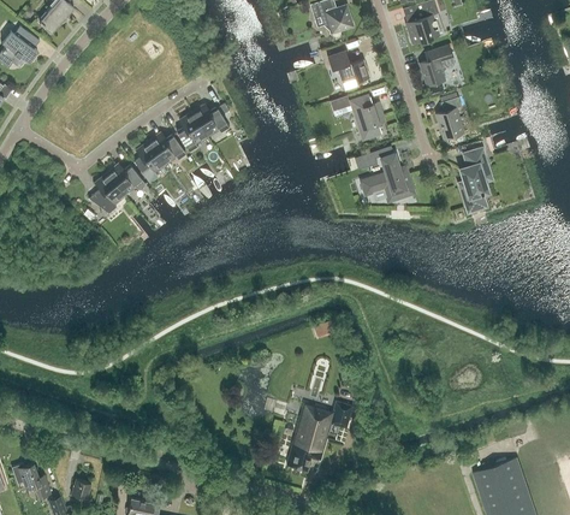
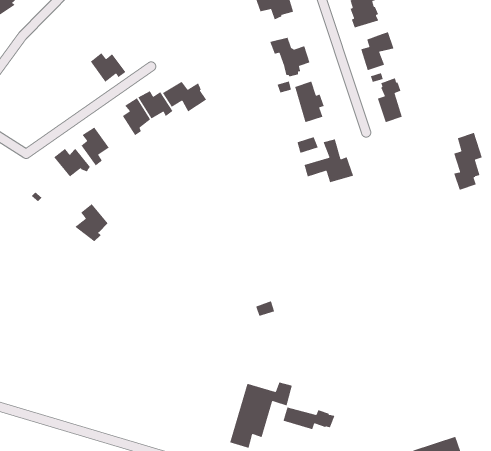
building: none -> [162,81,207,112]
building: [149,134,186,165] -> [90,52,126,83]
building: [461,148,491,208] -> [453,132,483,191]
building: [89,174,124,214] -> [74,203,108,242]
building: none -> [282,406,335,430]

